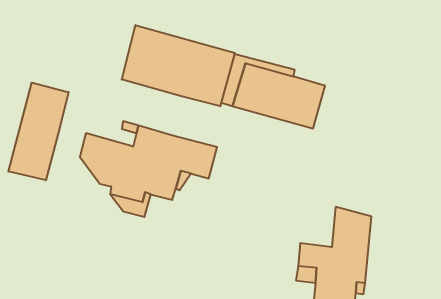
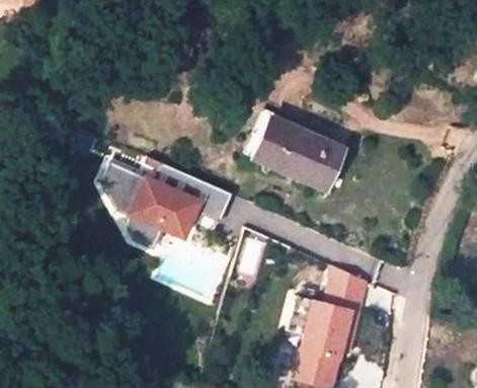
building: [122,25,235,106] -> none
building: [8,83,69,180] -> none

